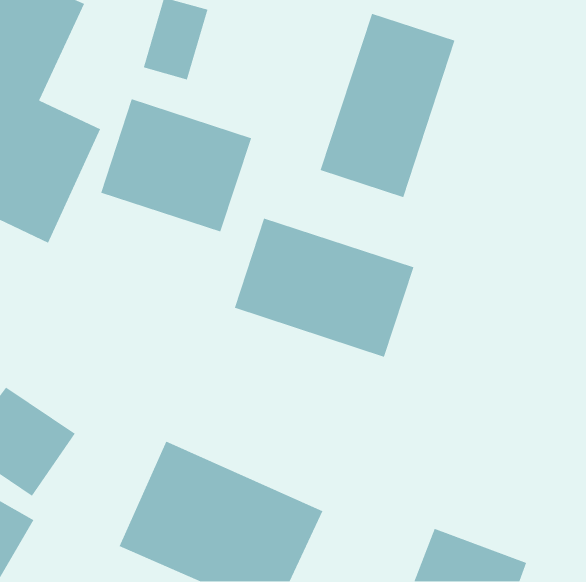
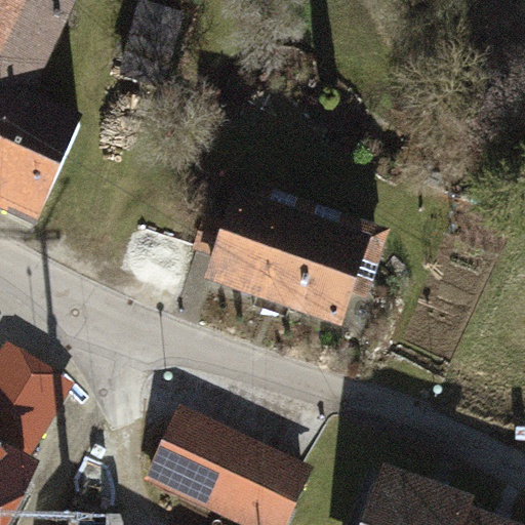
building: [320,13,456,198] -> none
building: [100,98,252,233] -> none

